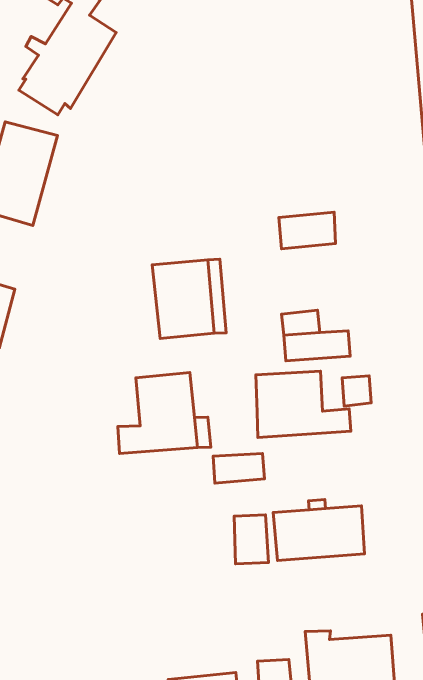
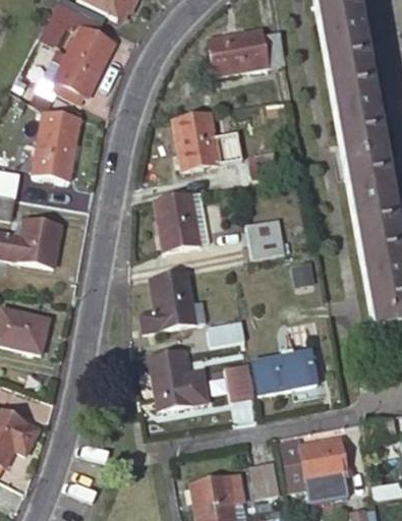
building: none -> [209,31,286,75]
building: none -> [173,112,220,170]
building: [256,371,351,437] -> none
building: none -> [150,350,210,409]

